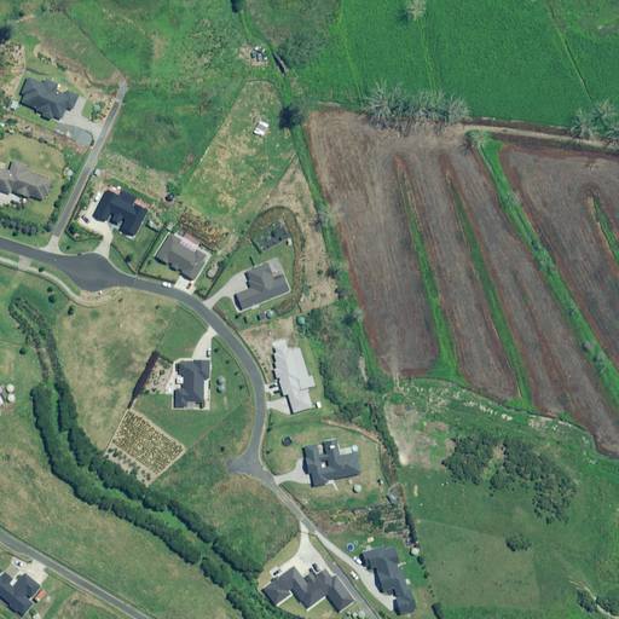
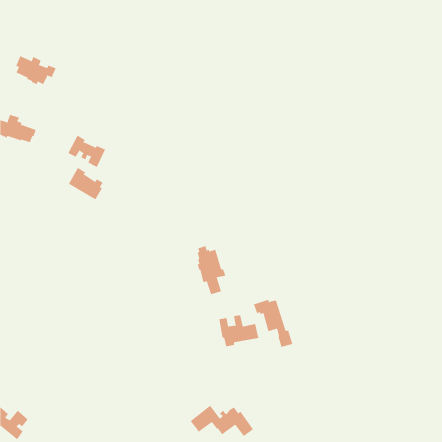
building: [156,233,206,279] -> [68,167,104,200]
building: [236,262,289,308] -> none
building: [175,360,209,406] -> none
building: [363,545,418,613] -> [253,299,293,347]

